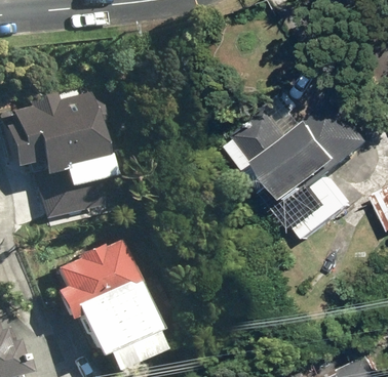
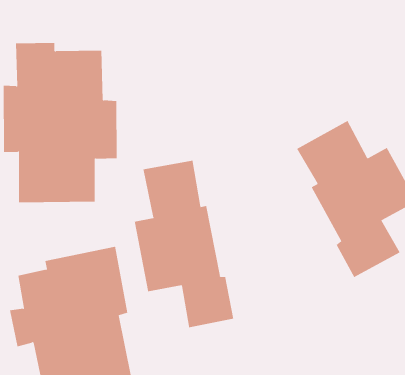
building: none -> [134,160,234,328]

